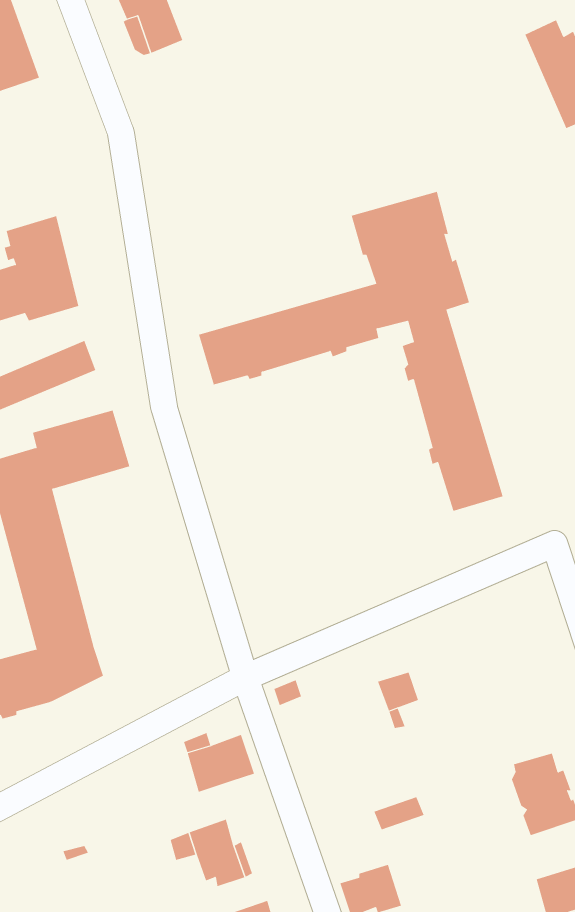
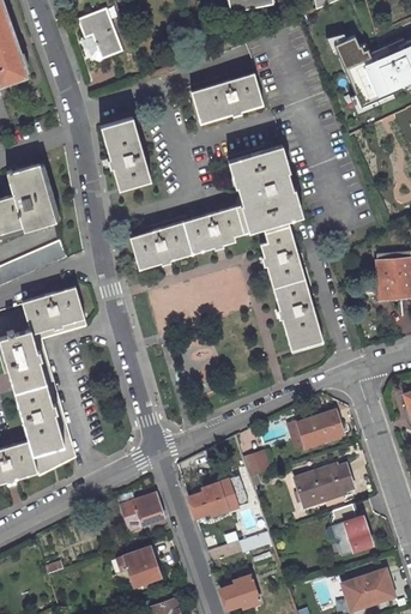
building: none -> [191,74,261,125]
building: none -> [99,118,150,188]
building: none -> [292,413,336,447]
building: none -> [295,463,355,502]
building: none -> [188,481,228,516]

